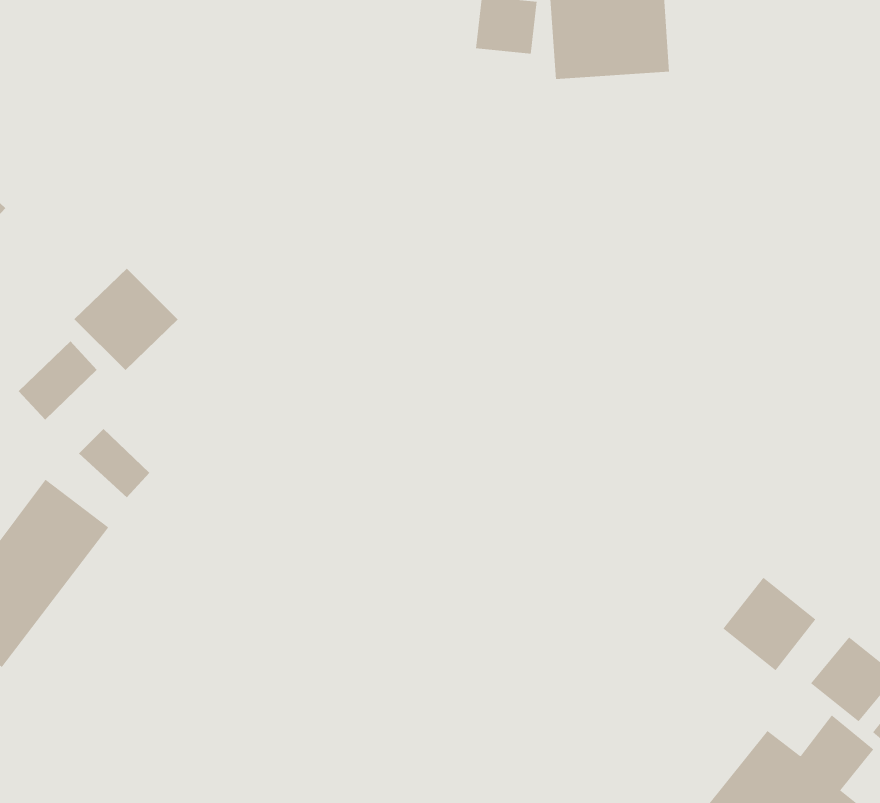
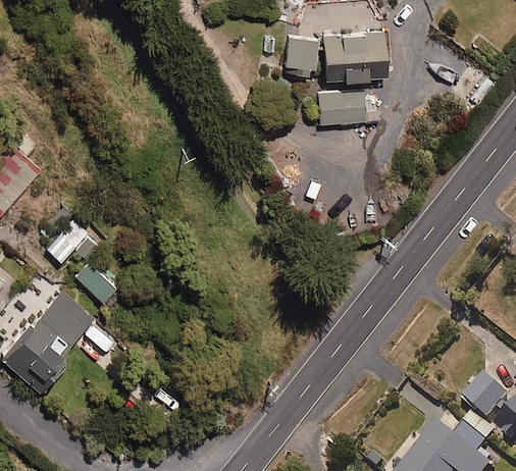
building: none -> [317,89,376,124]
building: [74,268,179,371] -> none
building: [723,577,816,671] -> none

